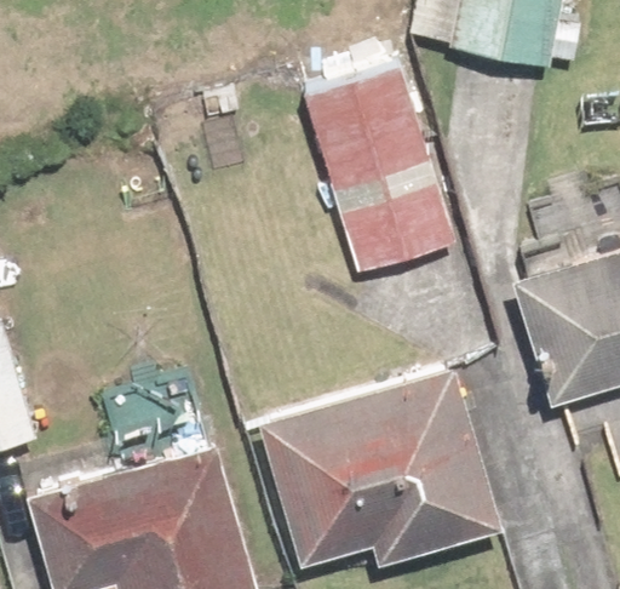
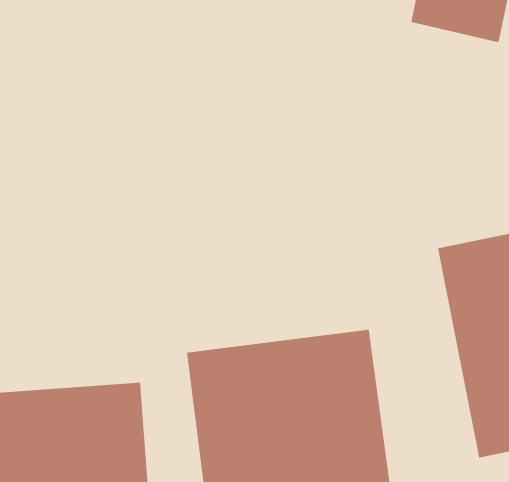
building: [295,39,457,263] -> none

